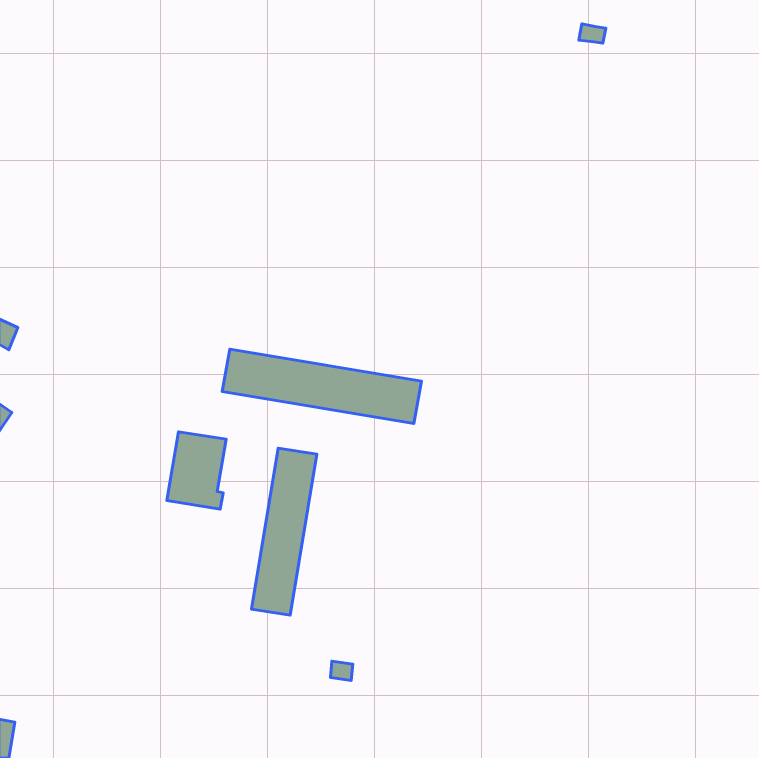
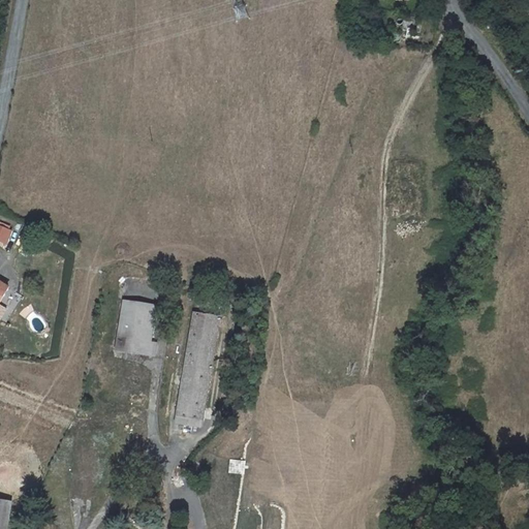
building: [222,349,422,424] -> none

